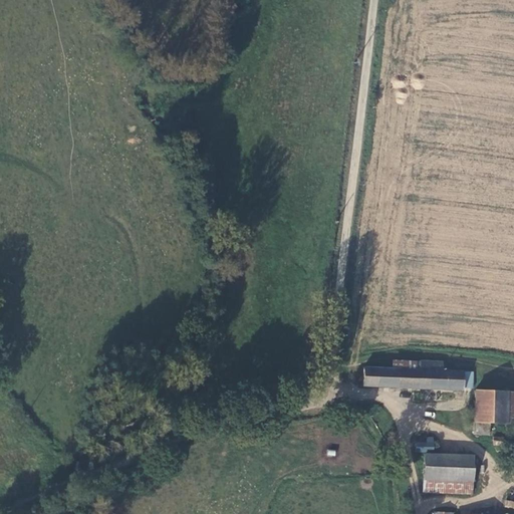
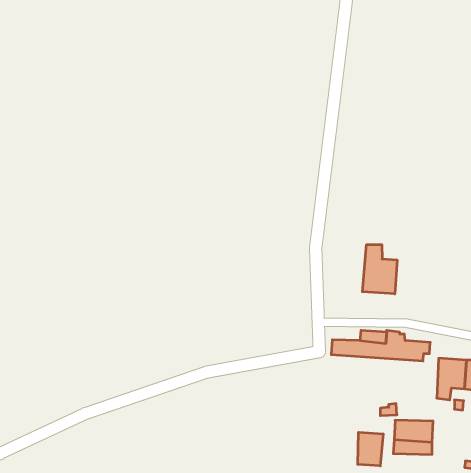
building: none -> [362,245,397,294]
building: none -> [358,432,383,466]

